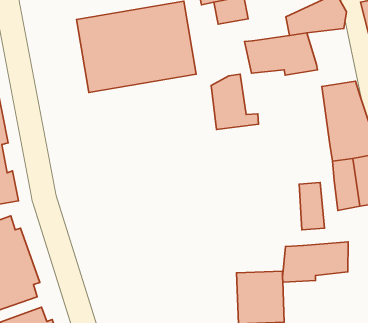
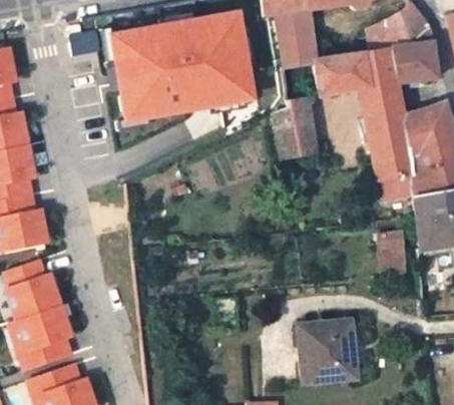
building: none -> [281,33,320,62]
building: none -> [382,44,432,85]
building: none -> [357,91,408,194]
building: [283,242,348,282] -> none

